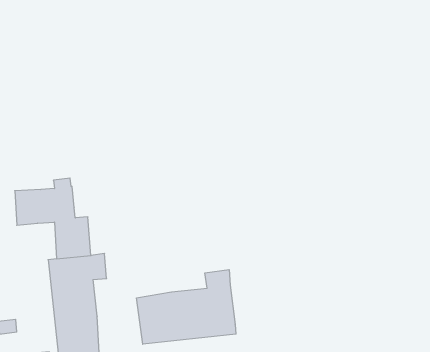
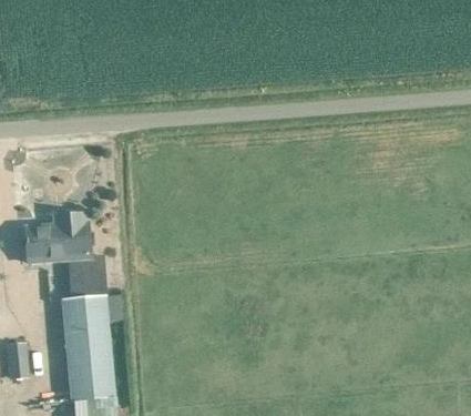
building: [137,270,236,344] -> none

